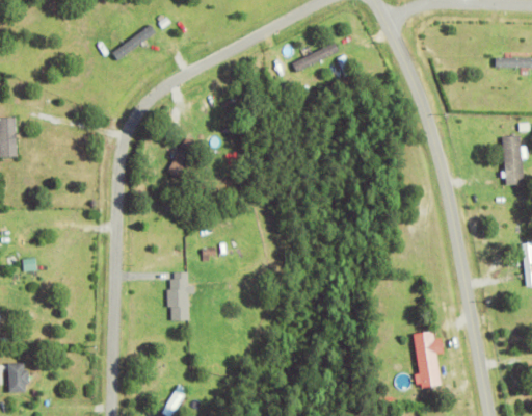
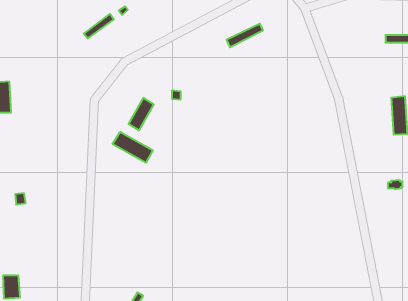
building: none -> [113,132,153,163]
building: [167,272,194,320] -> none
building: [413,331,444,387] -> none

